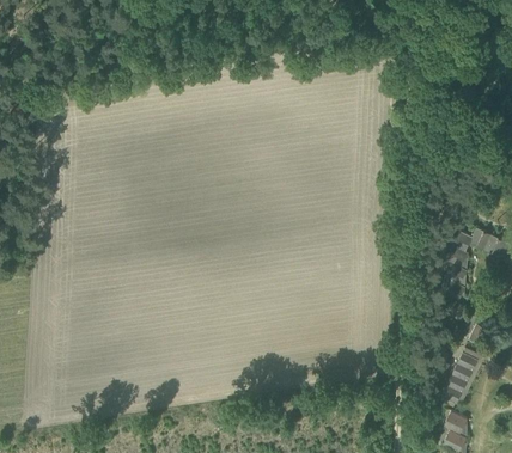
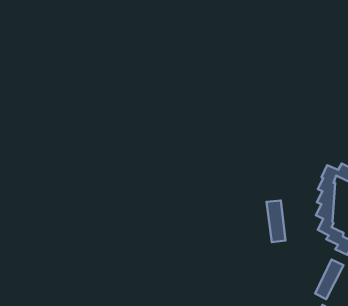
building: none -> [266,201,285,242]

